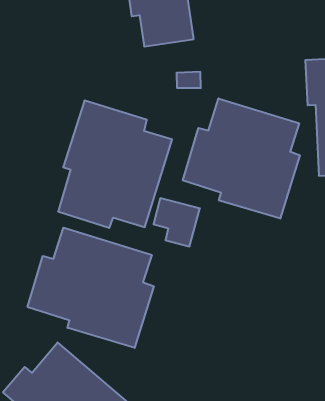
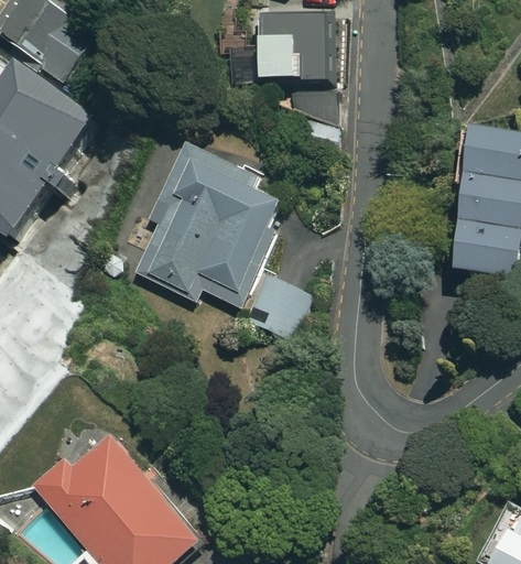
building: [183,98,300,219] -> none
building: [28,228,154,348] -> none

